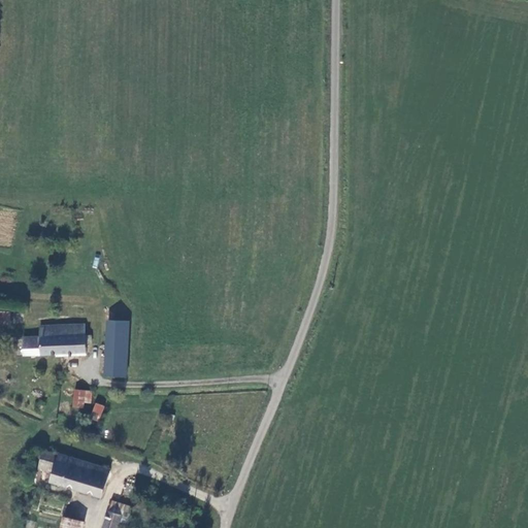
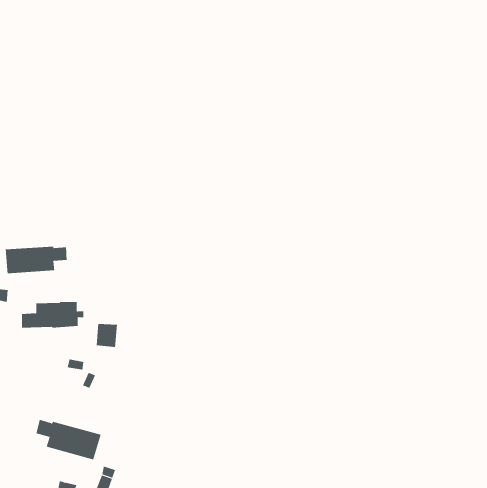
building: none -> [5,246,67,274]
building: [105,320,129,351] -> none

